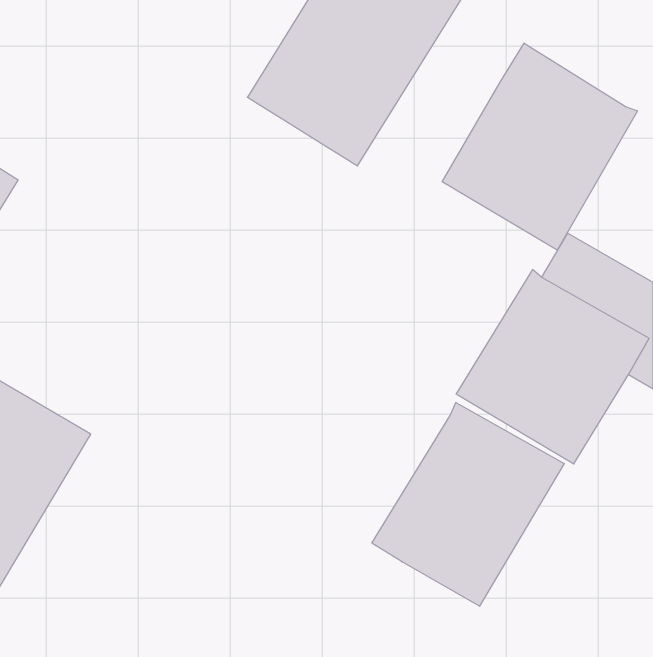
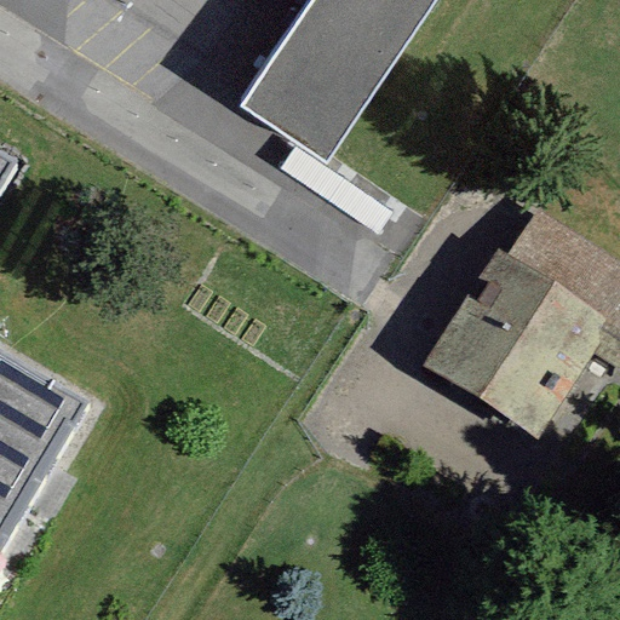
building: [442,43,637,250] -> none
building: [372,402,564,606] -> none

